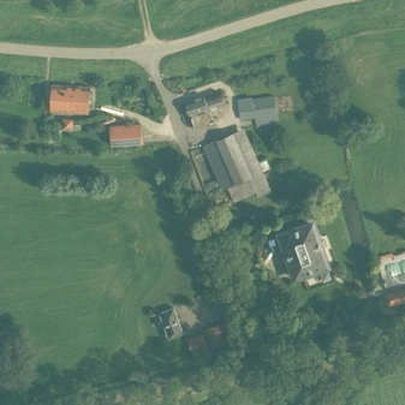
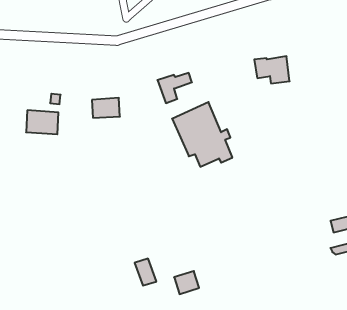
building: [50,84,88,112] -> [26,110,58,134]
building: [236,95,276,126] -> [254,56,290,83]
building: [280,226,324,276] -> none

